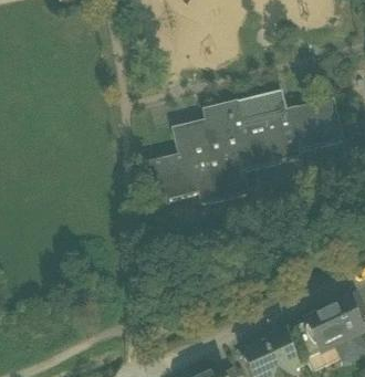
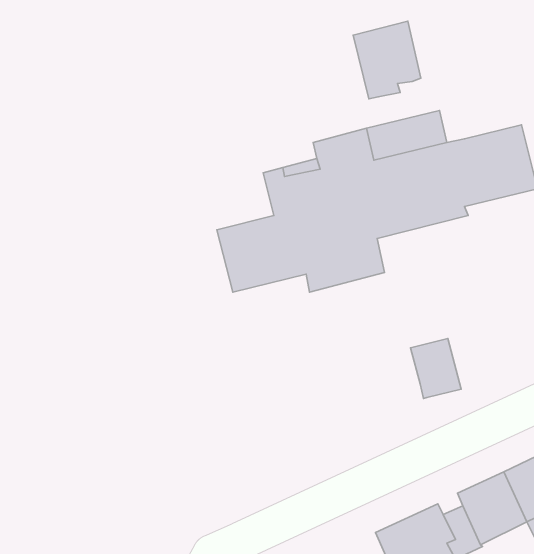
building: none -> [353,21,421,99]
building: none -> [410,339,461,398]

